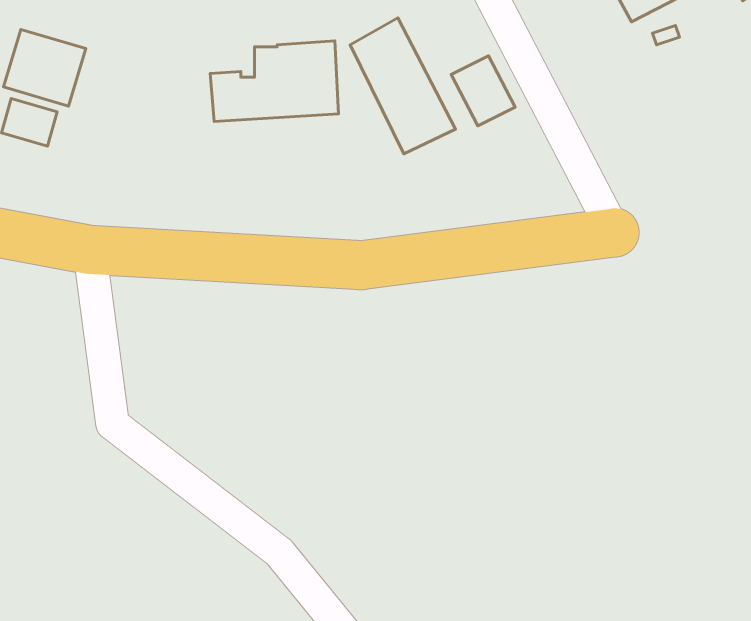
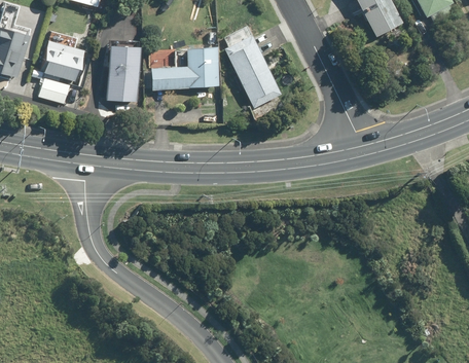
building: none -> [106,41,140,103]
building: [451,56,515,126] -> none

